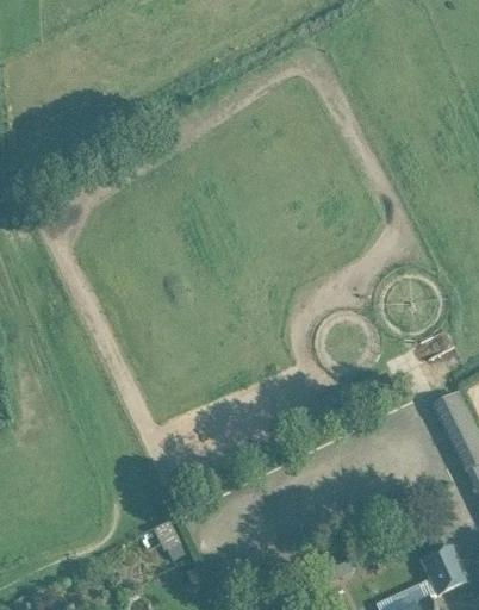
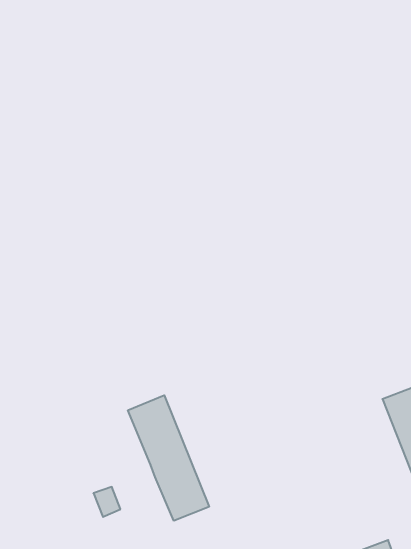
building: none -> [128,395,209,521]

